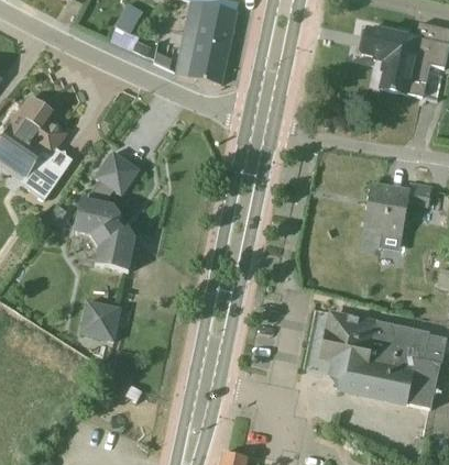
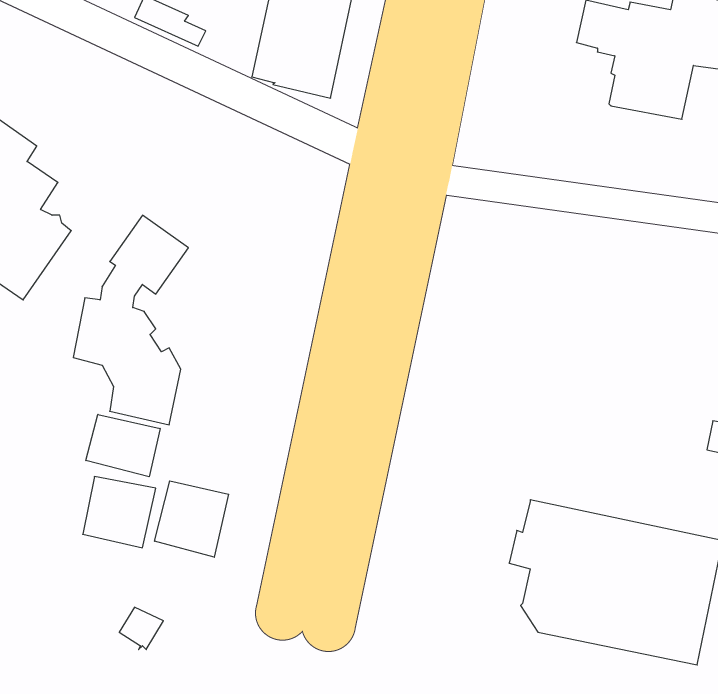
building: [364,182,431,241] -> none
building: none -> [86,414,160,477]
building: none -> [155,481,229,557]

